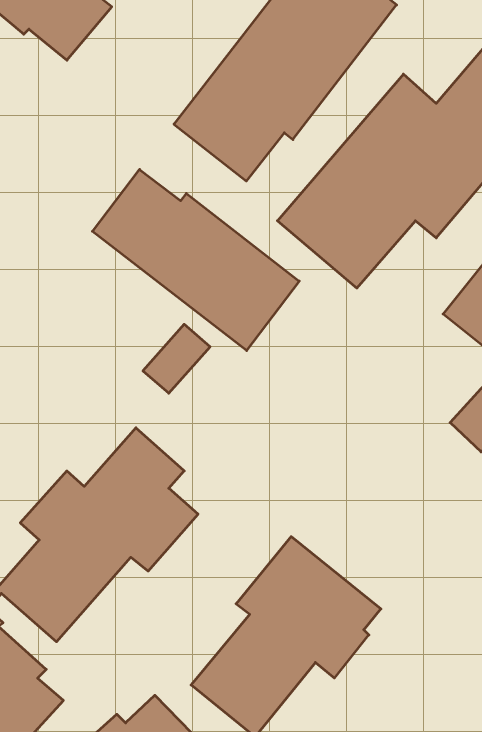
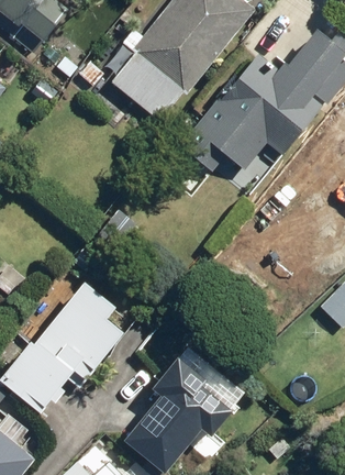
building: [92,169,299,351] -> none

